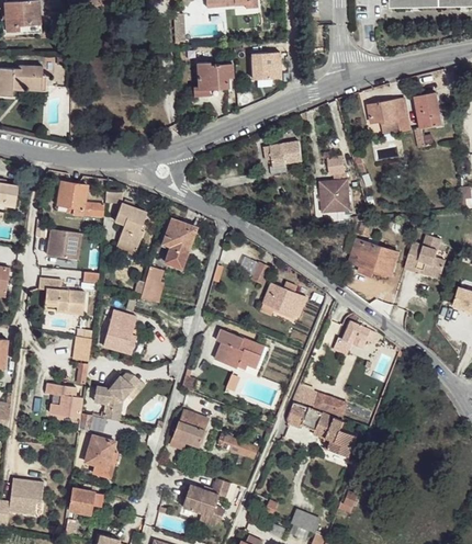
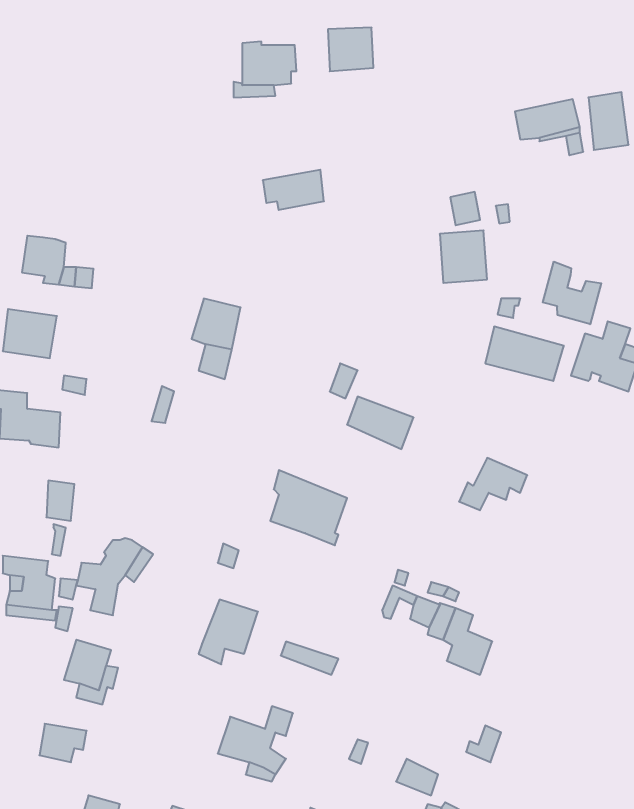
building: [265,140,303,166] -> [263,170,324,210]
building: none -> [543,262,601,324]
building: [115,202,146,251] -> none
building: [102,309,135,352] -> none

